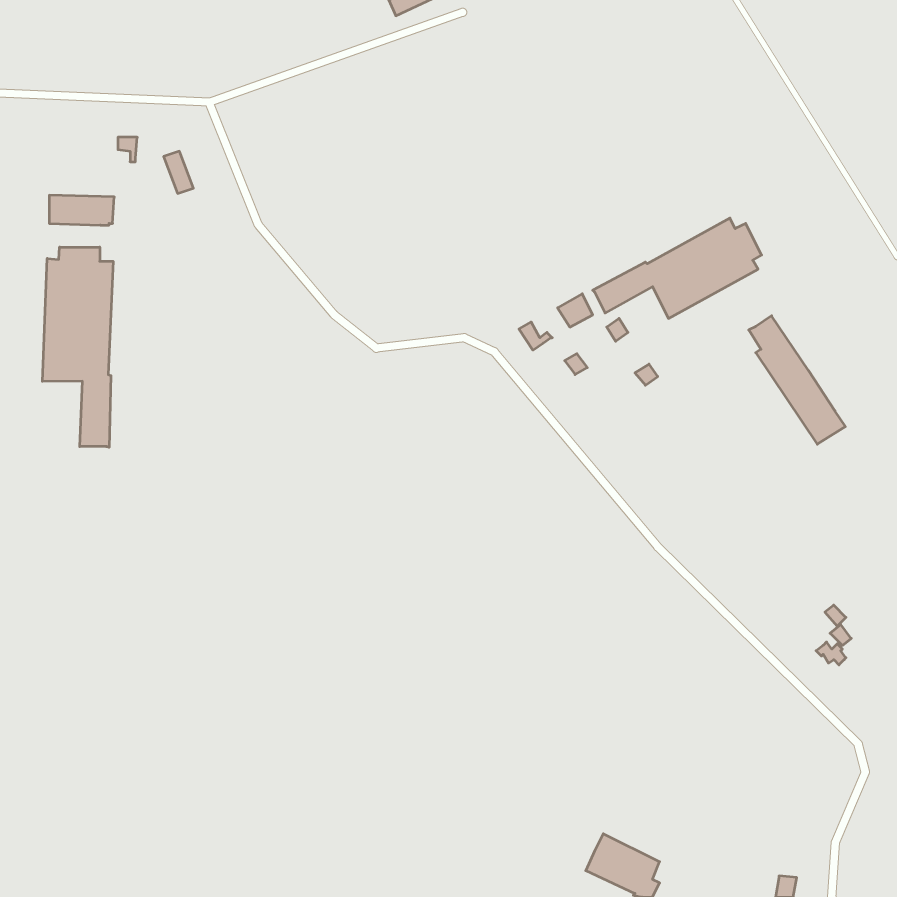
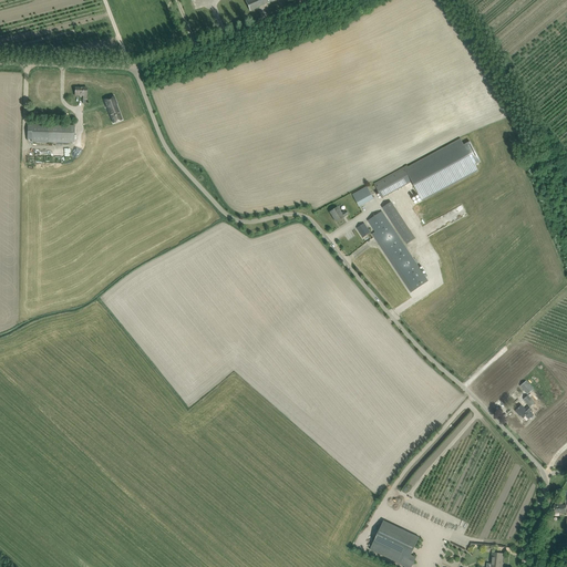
building: [42,247,113,447] -> none
building: [749,316,845,444] -> [367,210,427,291]

